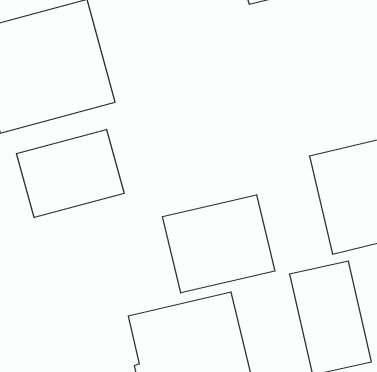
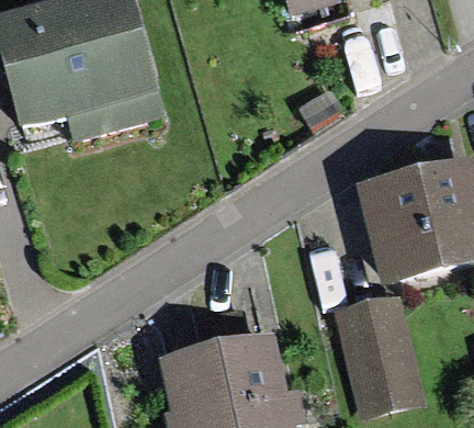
building: [16,129,124,218] -> none
building: [163,195,275,293] -> none

